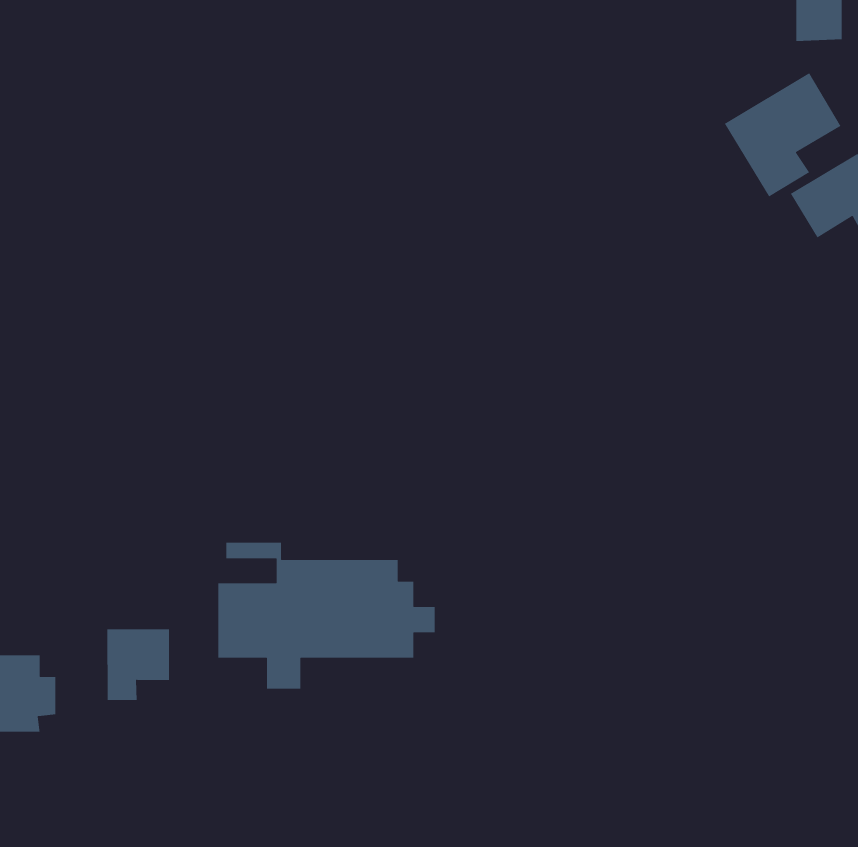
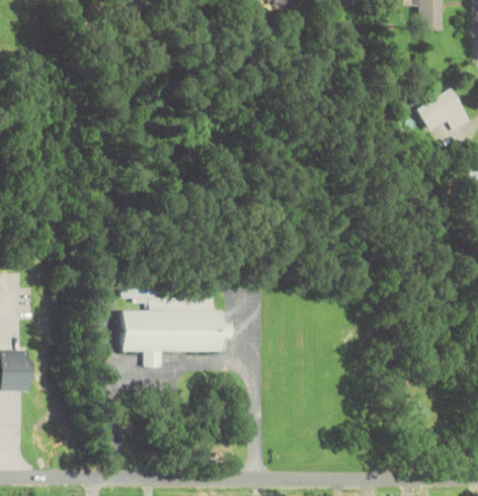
building: [724,72,841,198] -> none
building: [106,628,170,701] -> none

